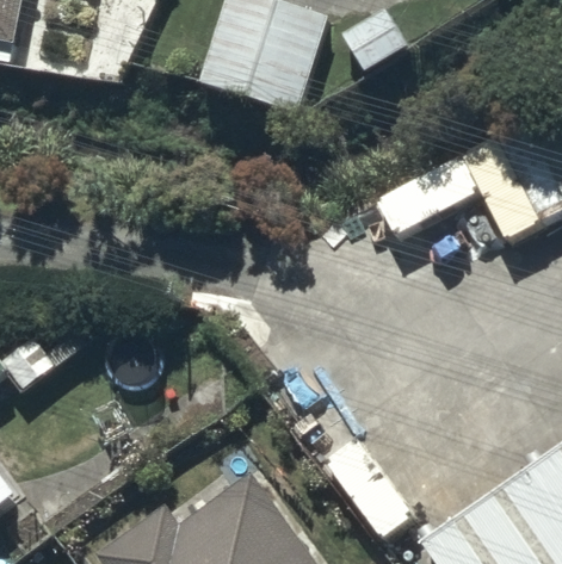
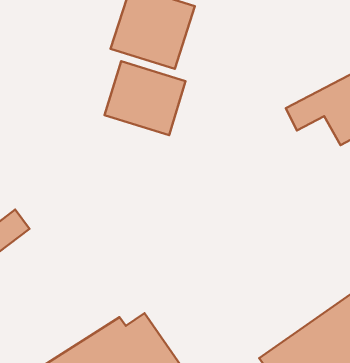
building: none -> [105,61,185,135]

